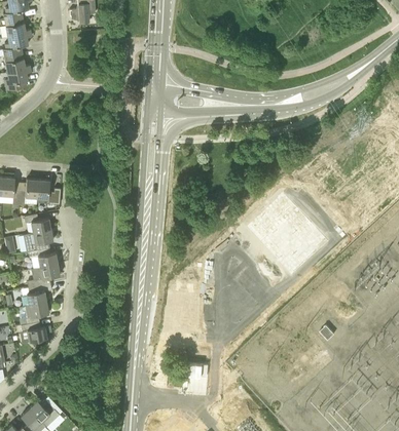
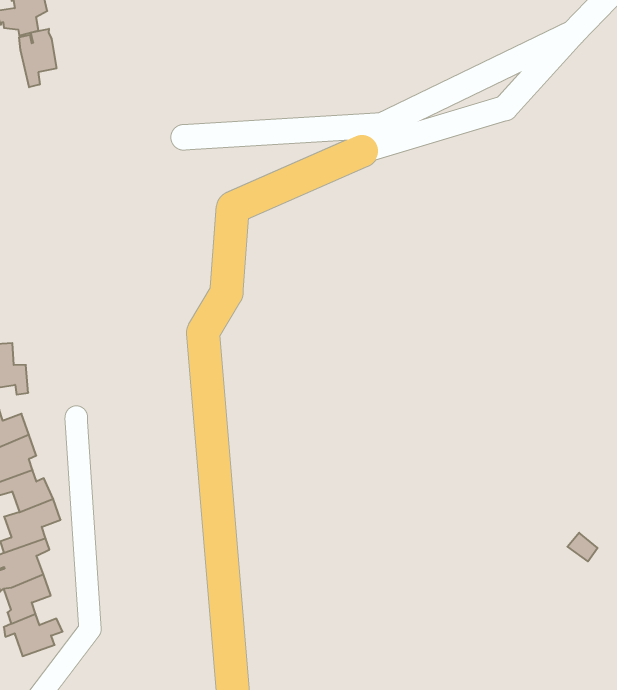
building: none -> [19,29,56,87]

